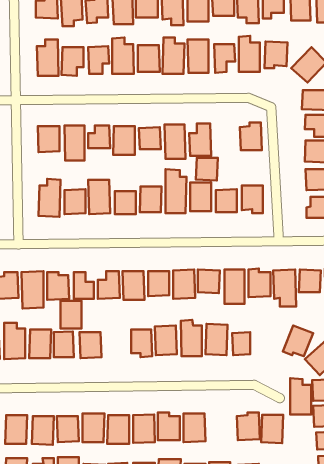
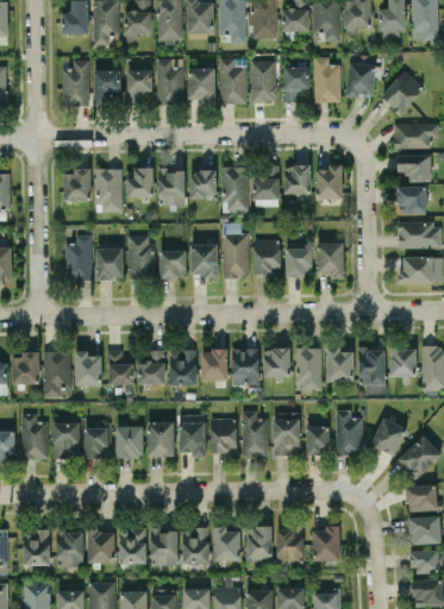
building: [196,158,218,181] -> [283,165,311,194]
building: [60,301,81,329] -> [148,421,174,456]
building: [290,378,311,415] -> [336,409,362,454]
building: [261,415,283,443] -> [276,527,304,563]

